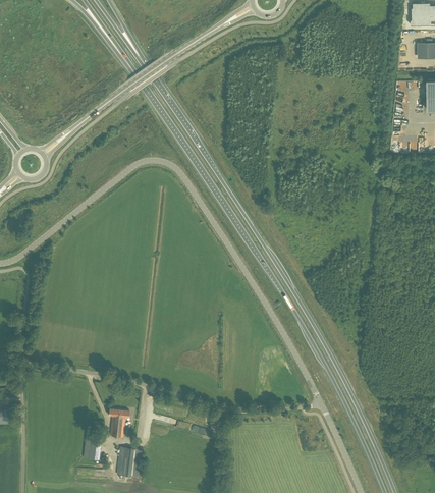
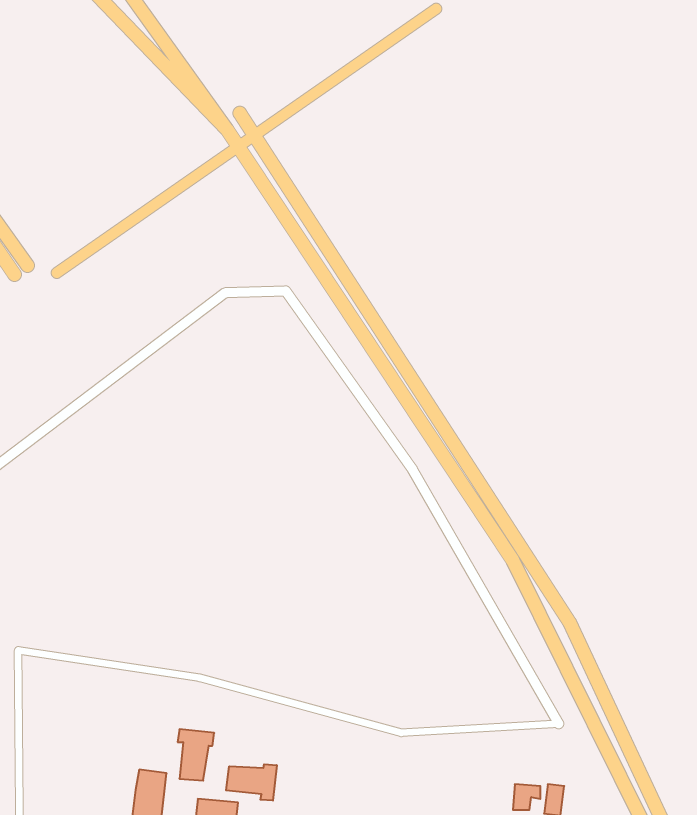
building: none -> [226,764,277,801]

